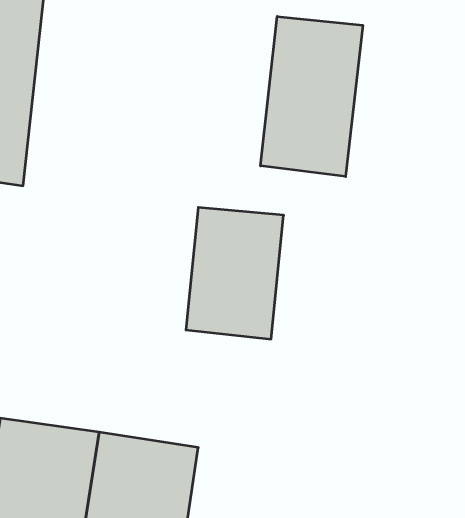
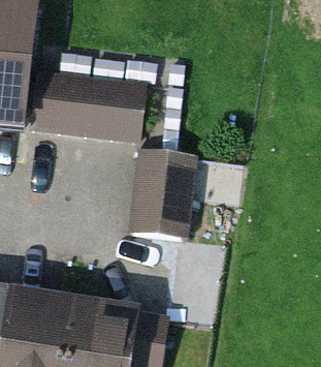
building: [261,16,363,177] -> none
building: none -> [29,64,145,134]

